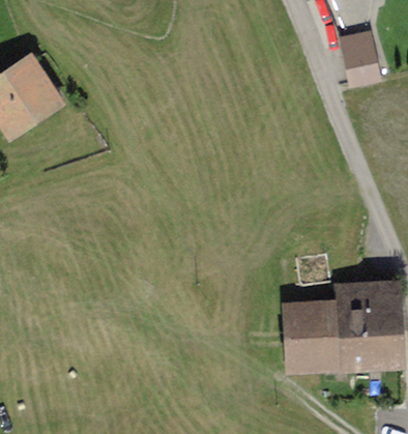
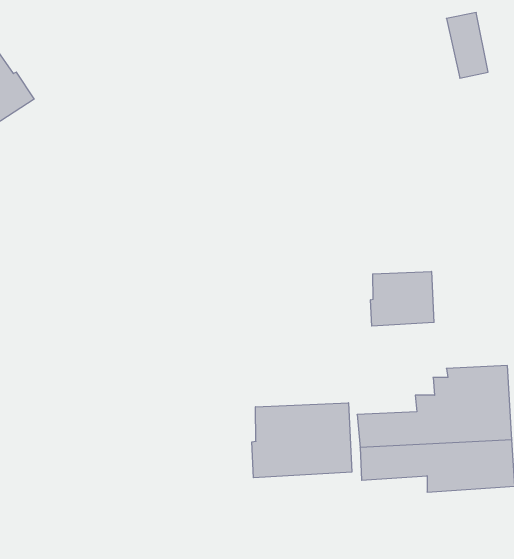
building: none -> [371,271,434,326]
building: none -> [252,403,352,478]

